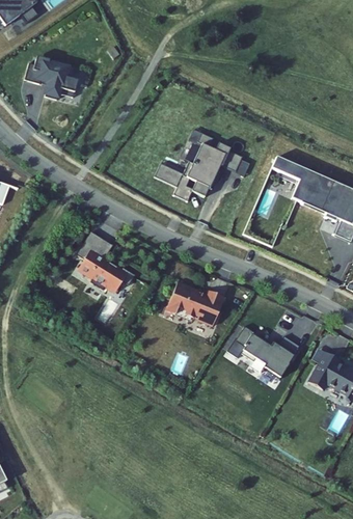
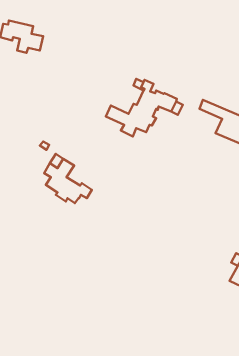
building: [167,275,226,320] -> none
building: [237,324,298,377] -> none

